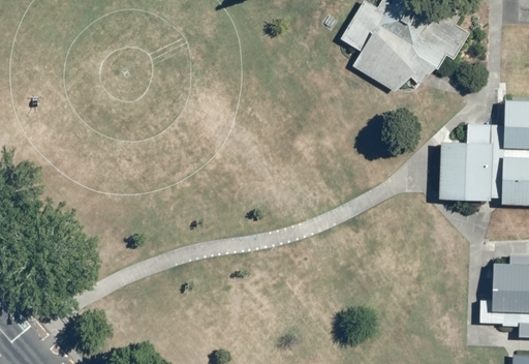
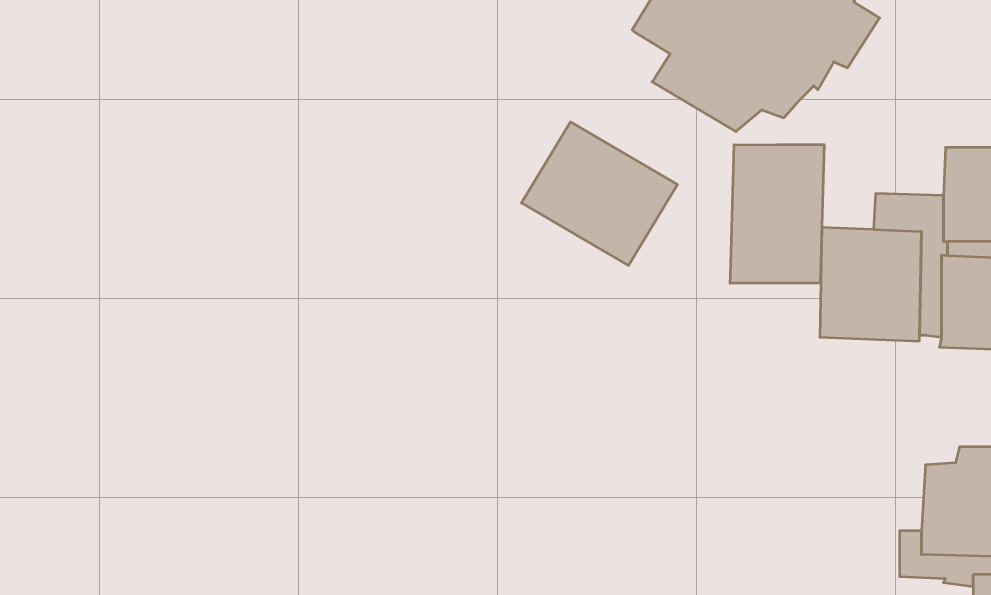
building: none -> [521,122,677,265]
building: none -> [730,145,824,283]

